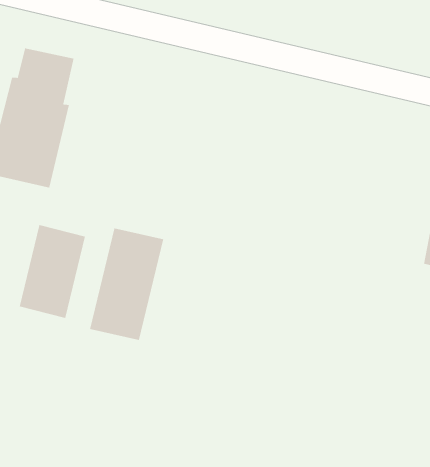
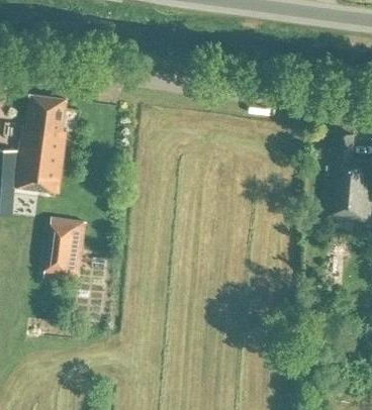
building: [89,228,164,341] -> none

